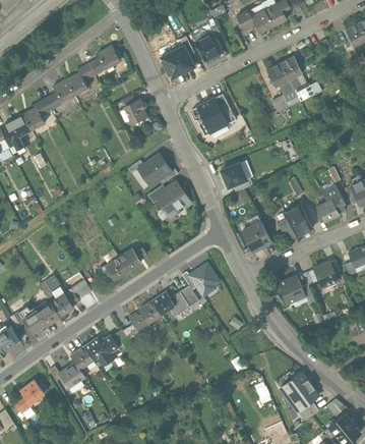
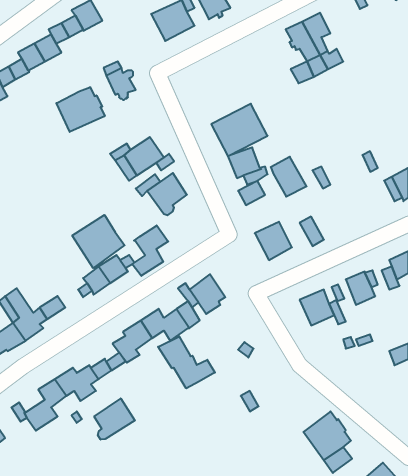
building: [191,93,236,134] -> [211,104,268,156]
building: none -> [56,87,105,132]
building: [315,185,345,221] -> none
building: [285,204,313,235] -> [271,157,307,197]
building: none -> [72,215,125,268]
building: none -> [132,225,168,276]
building: none -> [158,336,215,388]
building: none -> [94,398,135,440]

